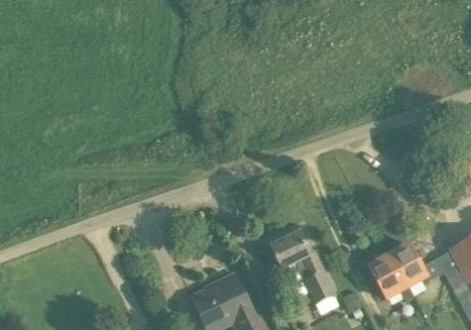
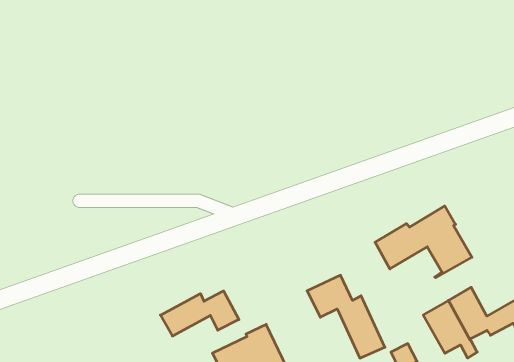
building: none -> [375,206,472,278]
building: none -> [160,291,239,336]

